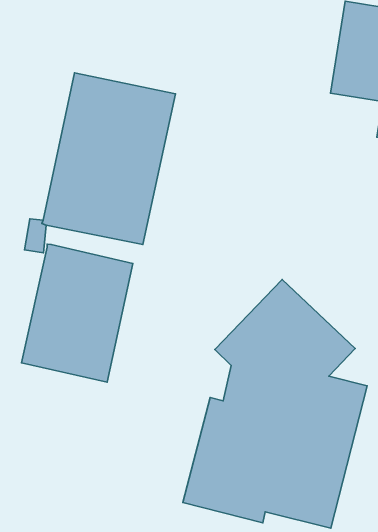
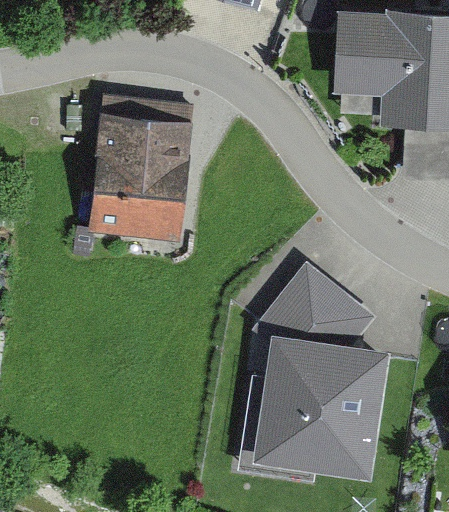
building: [22,244,133,382] -> none

